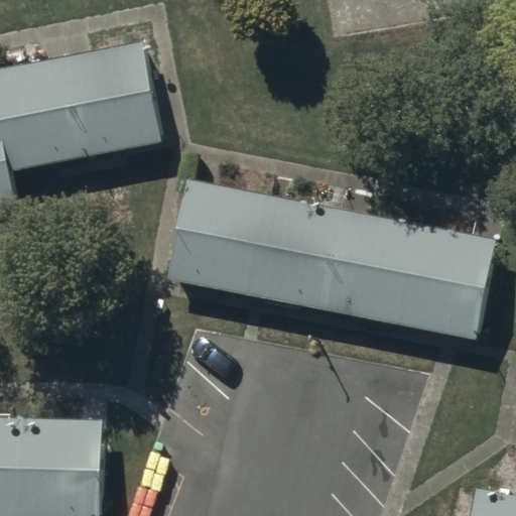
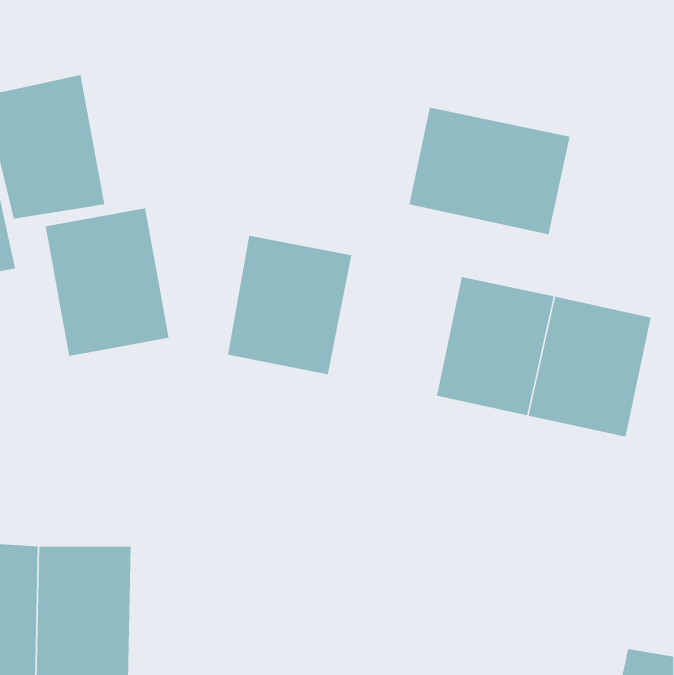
building: [61,45,156,158] -> [45,208,170,357]
building: none -> [409,107,570,235]
building: [249,197,350,303] -> none

